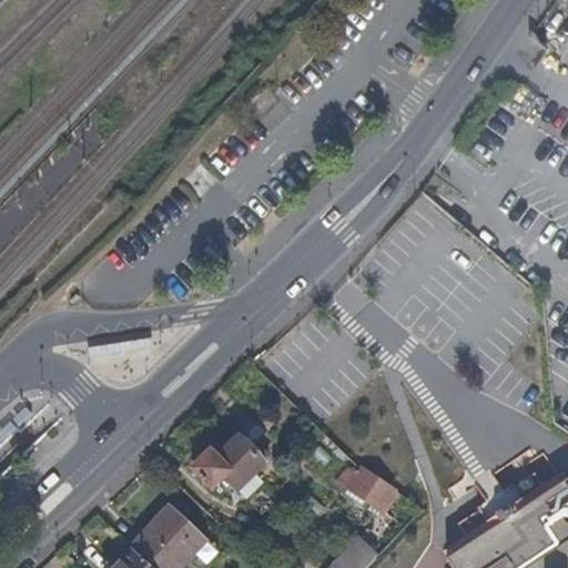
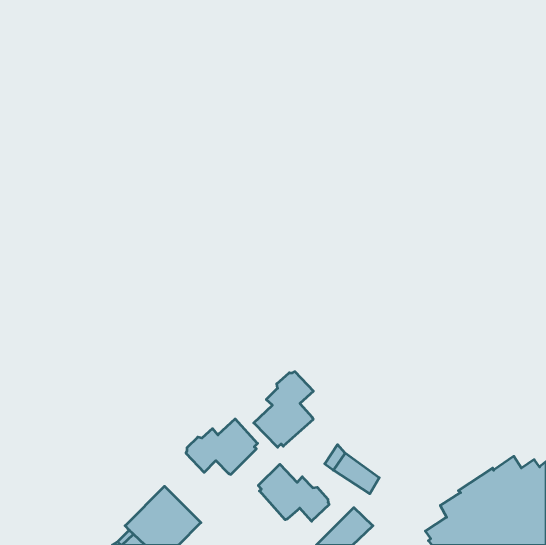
building: none -> [254,372,313,447]
building: none -> [258,464,329,521]

